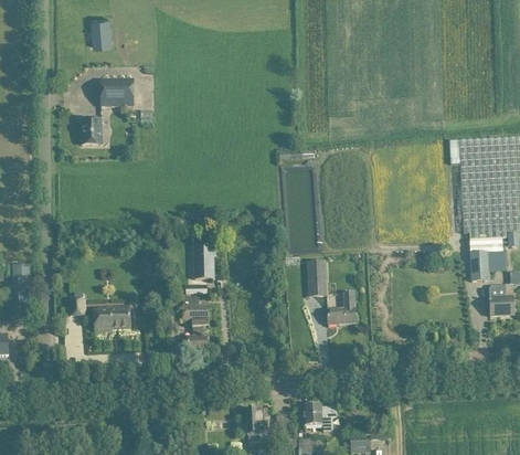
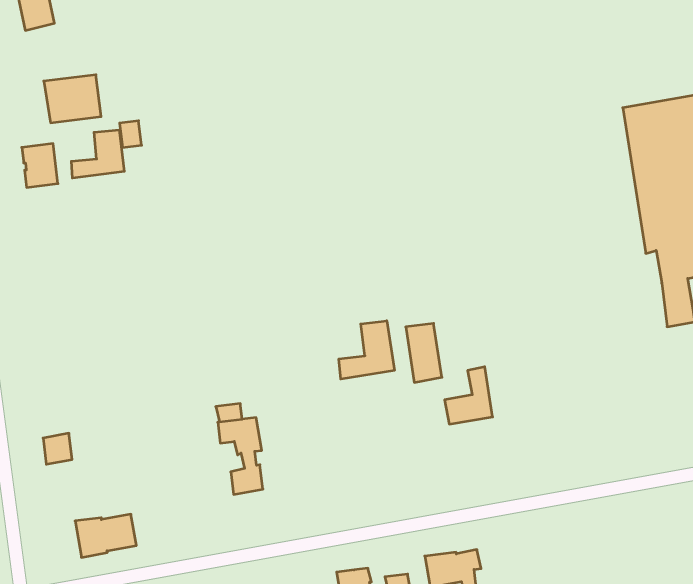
building: none -> [71,130,124,178]
building: [194,244,214,277] -> none
building: none -> [339,321,394,379]
building: [94,307,130,330] -> [75,514,136,557]

